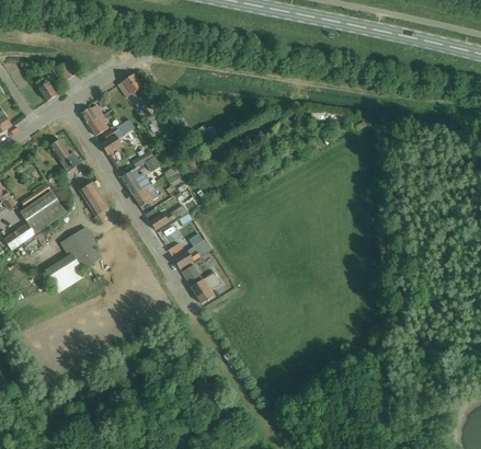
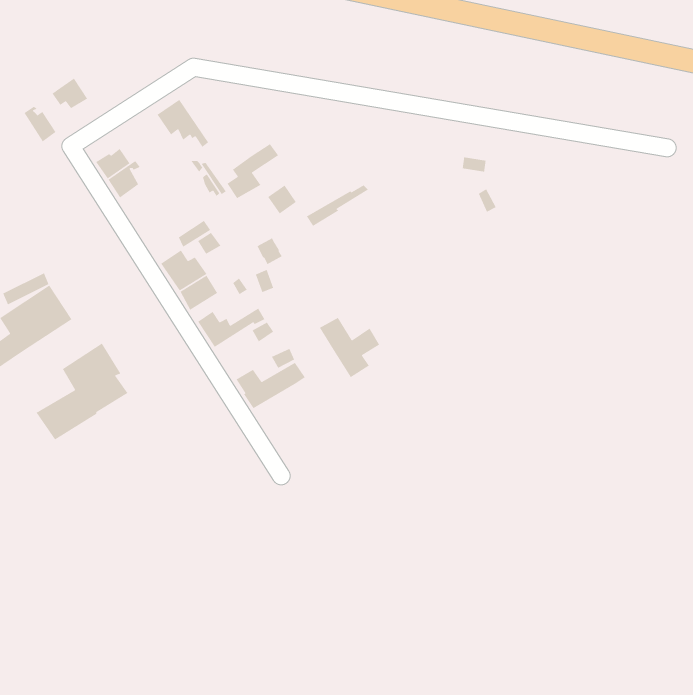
building: [101,119,134,154] -> [226,143,279,199]
building: [49,139,81,172] -> none
building: [79,182,110,222] -> none
building: [182,265,220,303] -> [319,317,380,378]

